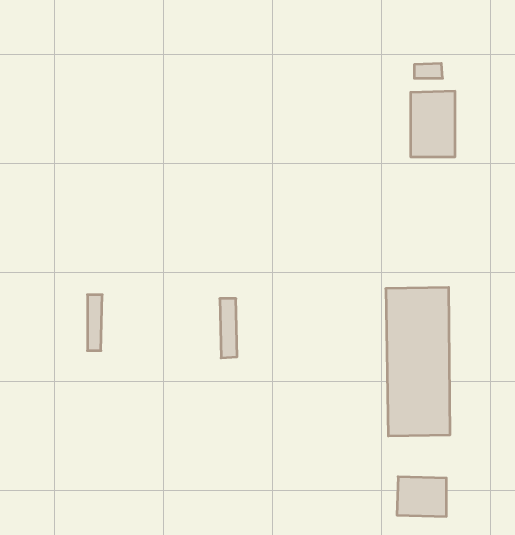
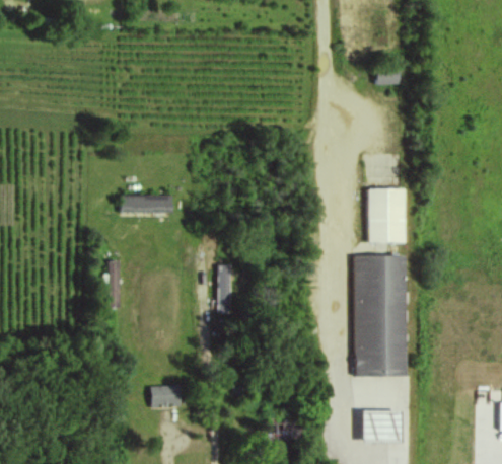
building: [411,91,455,157] -> [368,188,405,242]
building: none -> [123,195,172,214]
building: none -> [151,385,182,406]

